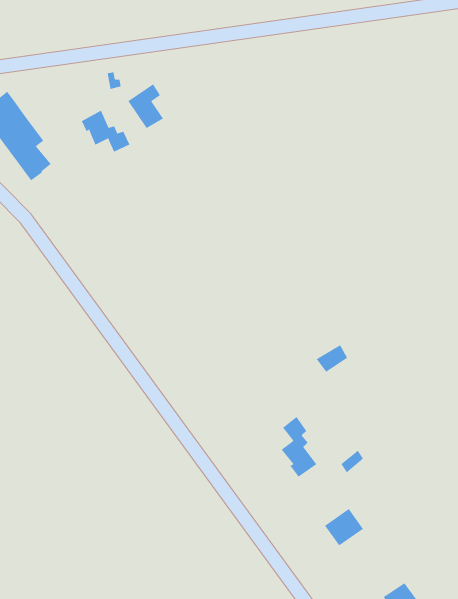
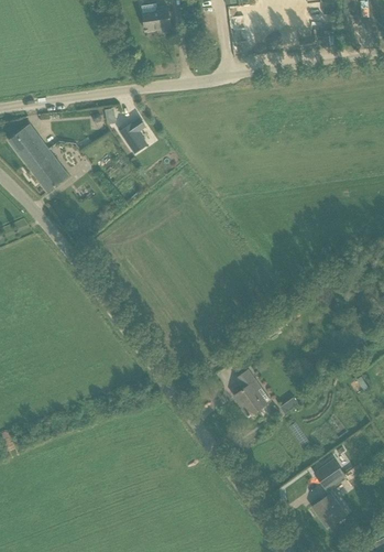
building: [81,110,130,152] -> none
building: [324,508,364,546] -> [315,458,344,487]

